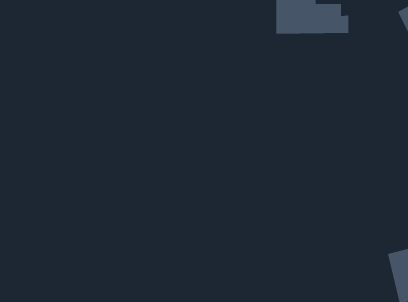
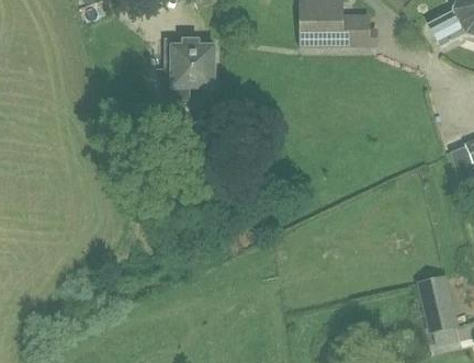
building: none -> [166,39,212,99]

